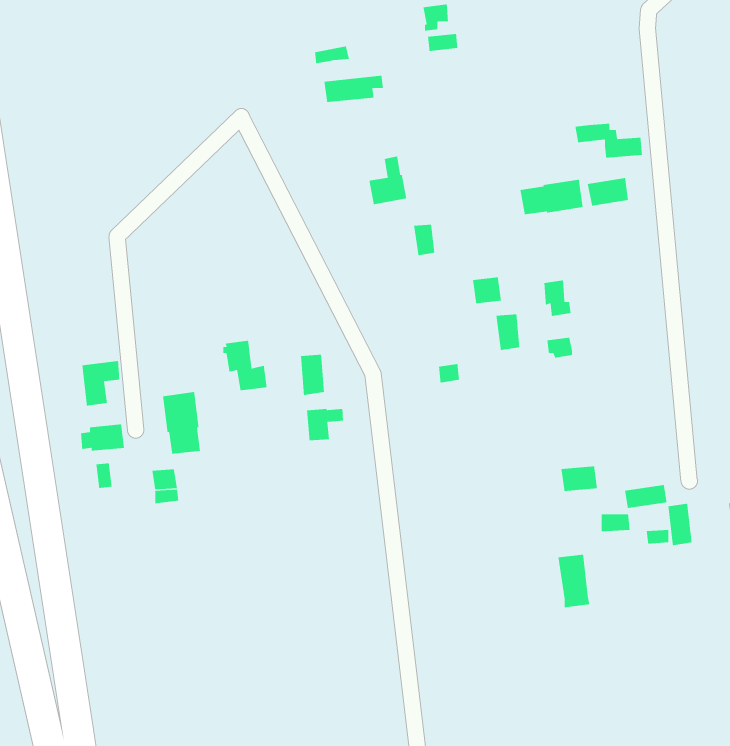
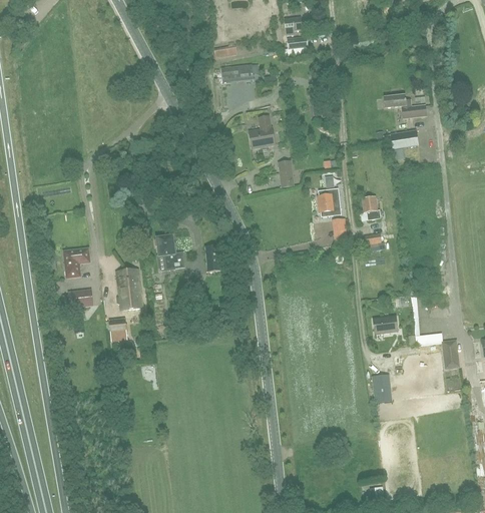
building: [520,179,584,215] -> none
building: [306,408,344,441] -> none

